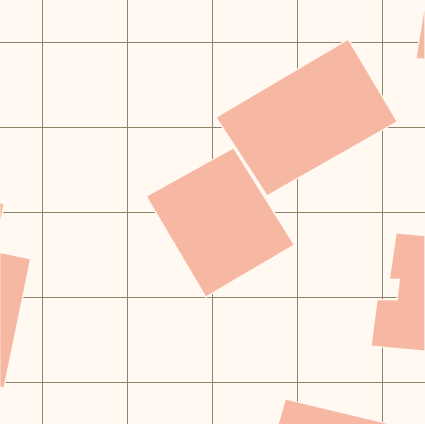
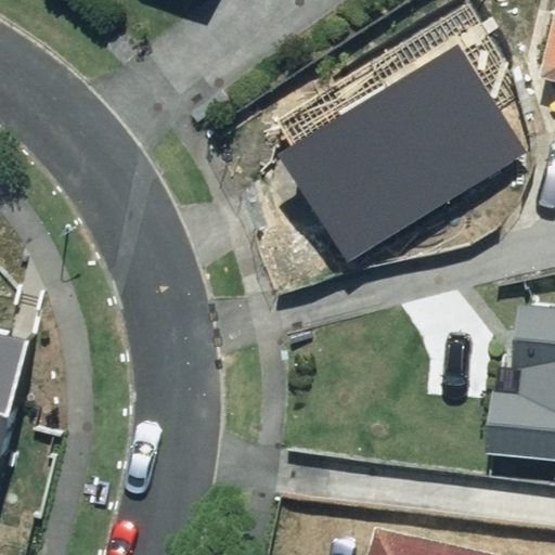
building: [146,148,295,297] -> none

